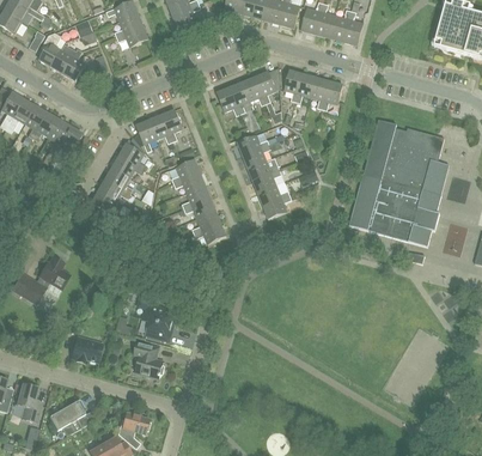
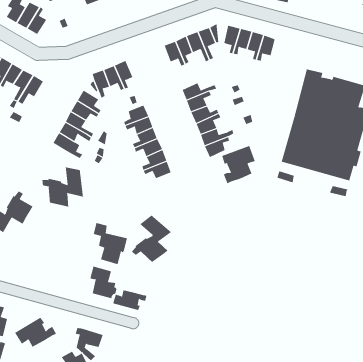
building: none -> [221,145,255,184]
building: none -> [42,167,84,207]
building: none -> [131,214,172,263]
building: [71,335,103,361] -> none
building: none -> [112,290,147,311]

